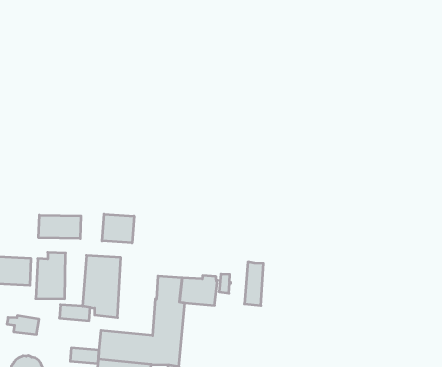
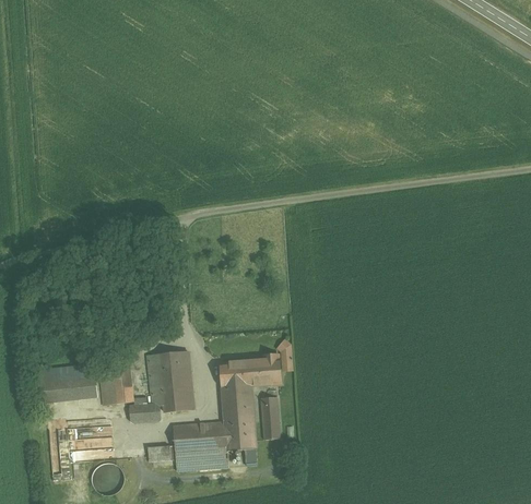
building: [102,214,134,243] -> none
building: [39,215,81,239] -> none
building: [244,262,263,306] -> [261,397,281,440]

